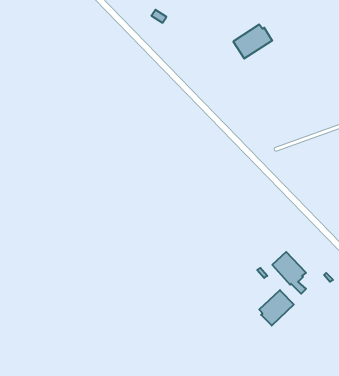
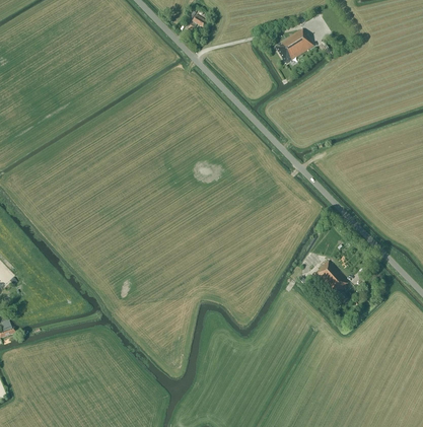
building: [259,290,294,326] -> none

